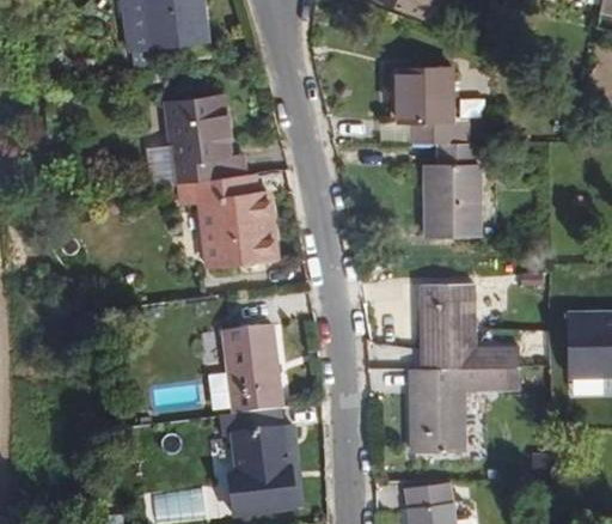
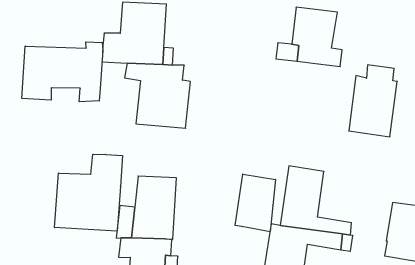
building: [424,140,483,233] -> [349,65,397,137]
building: none -> [22,42,103,102]
building: none -> [235,174,275,232]
building: none -> [55,154,122,231]

